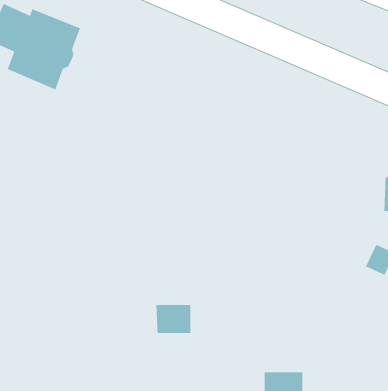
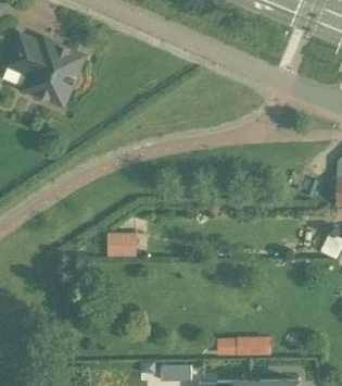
building: [156,305,191,333] -> [106,233,136,257]

